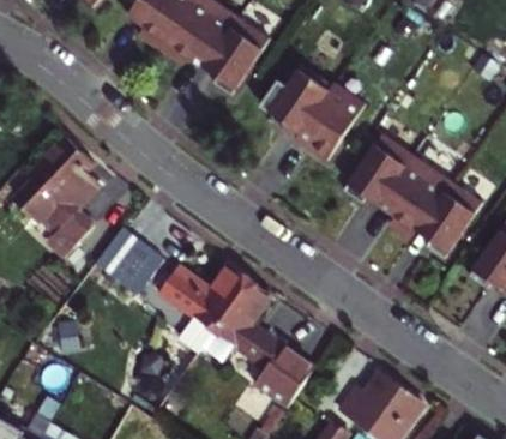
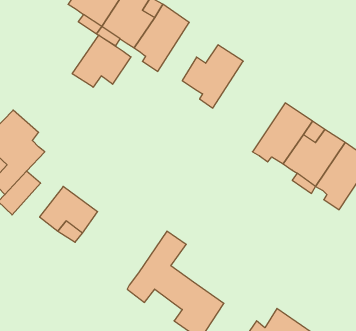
building: none -> [72,35,131,87]
building: [297,79,367,157] -> none
building: [153,267,243,331] -> none

